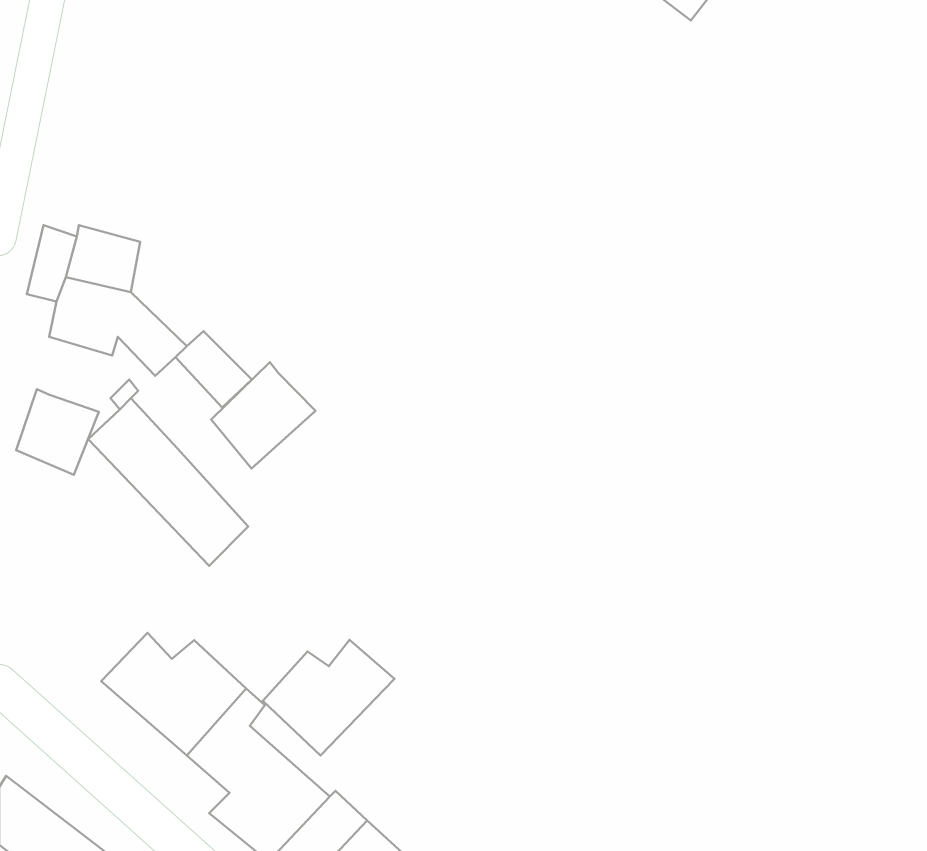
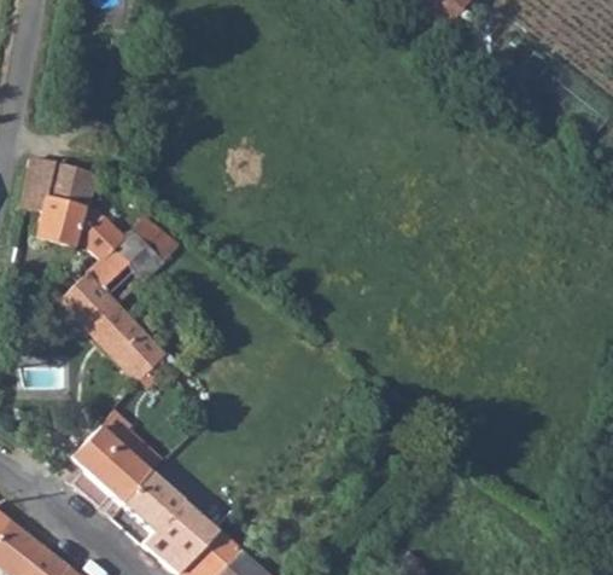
building: [211,362,316,468] -> none
building: [16,389,99,475] -> none
building: [263,640,394,756] -> none

